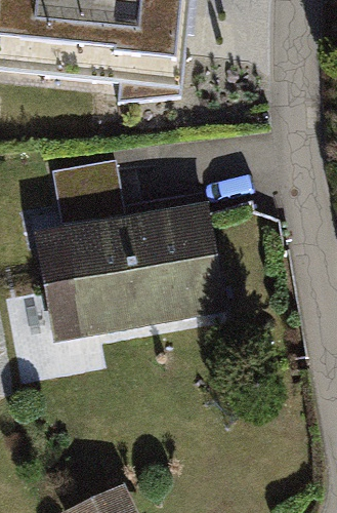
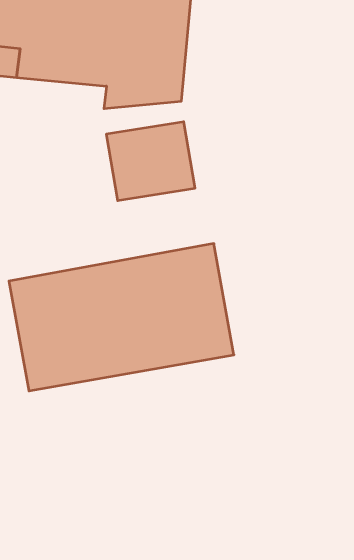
building: [52,158,125,223] -> [106,122,195,201]

